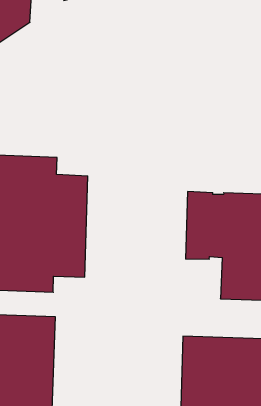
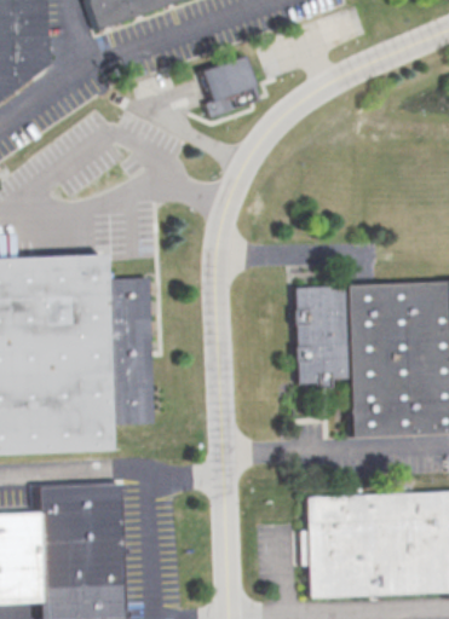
building: none -> [202,58,259,115]

